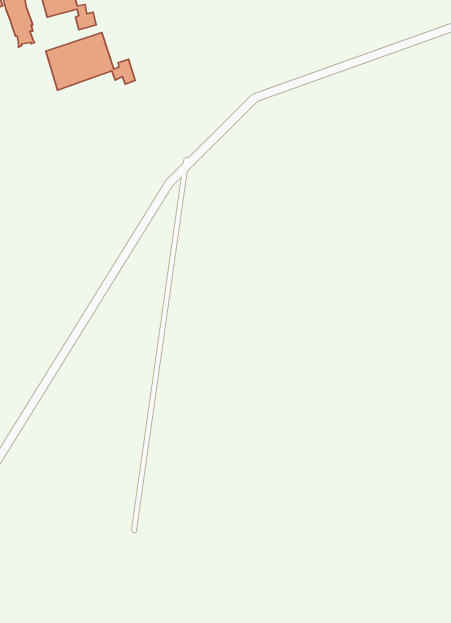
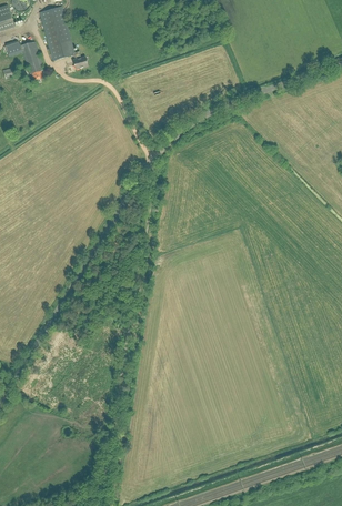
building: [46,32,135,90] -> none

